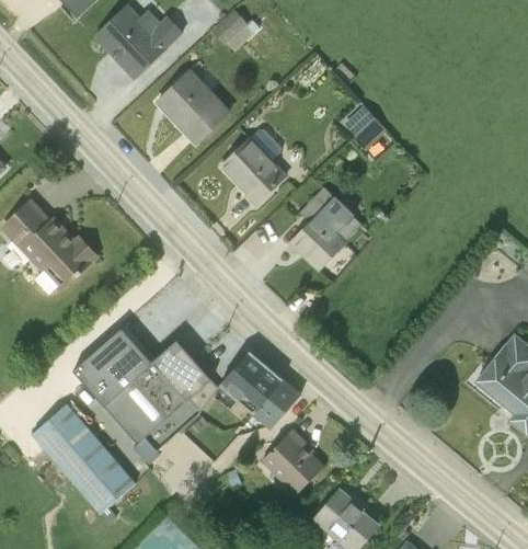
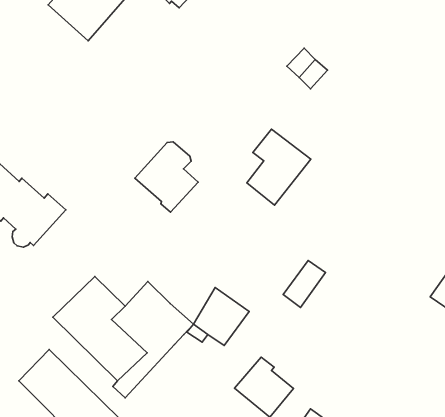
building: [159,69,229,144] -> none
building: [219,129,286,204] -> [135,142,198,212]
building: [252,379,299,428] -> [283,260,326,307]

